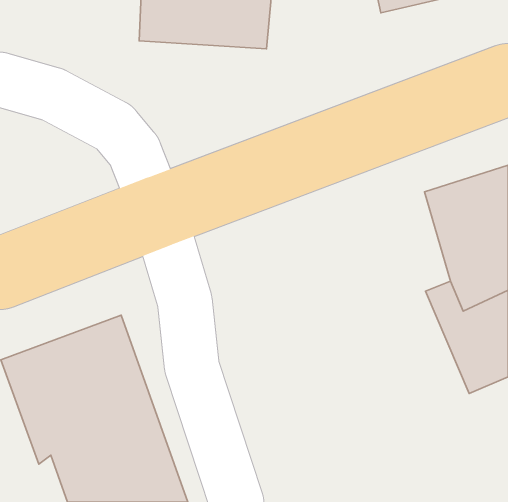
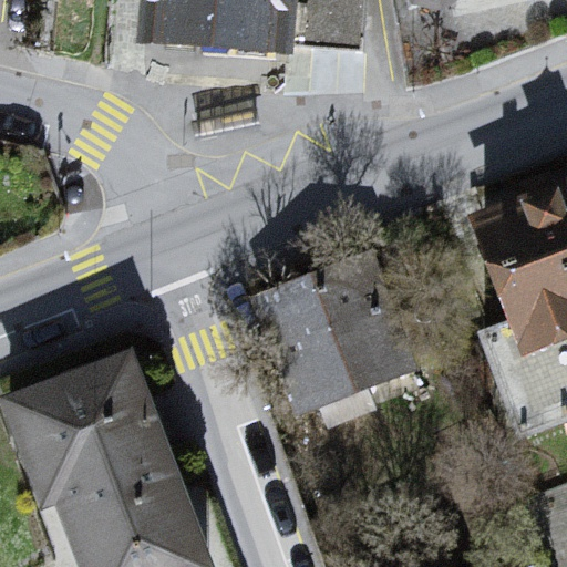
building: none -> [245,236,416,419]

